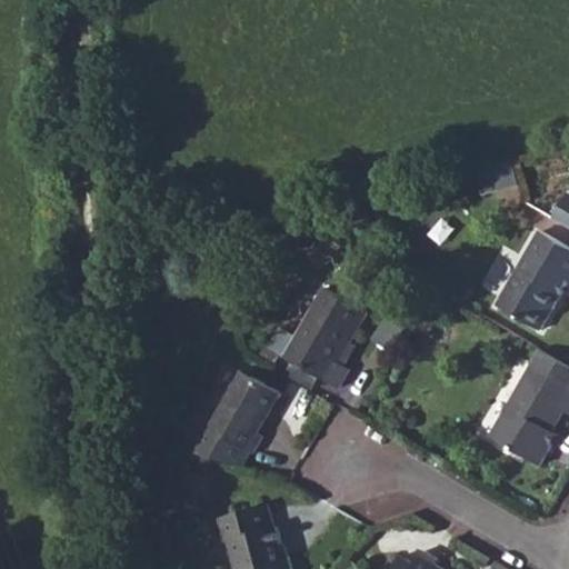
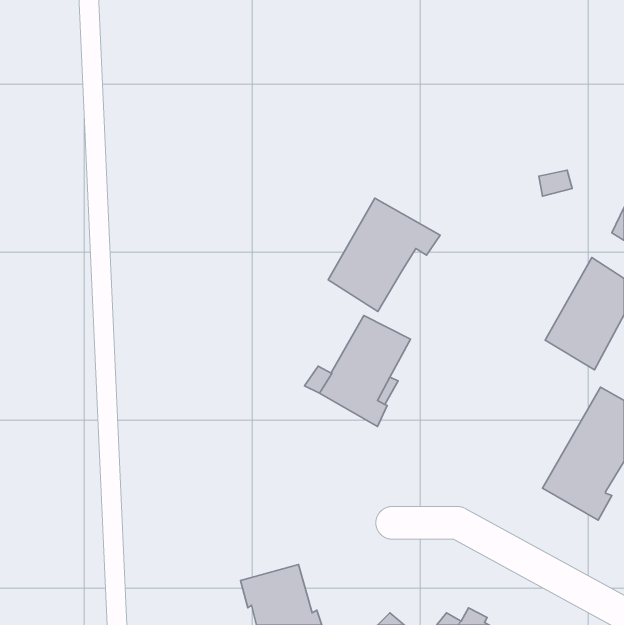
building: none -> [328,198,440,311]
building: [191,370,279,465] -> none

